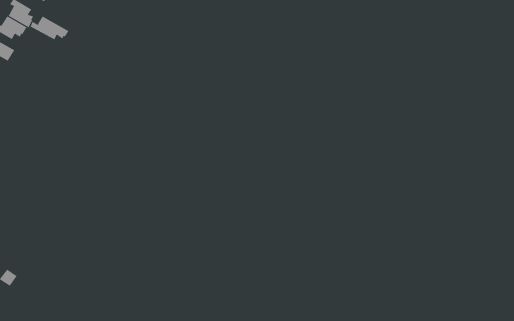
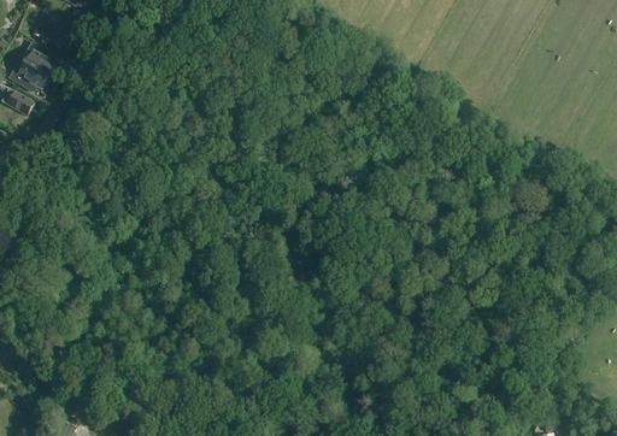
building: [30,15,69,40] -> none

